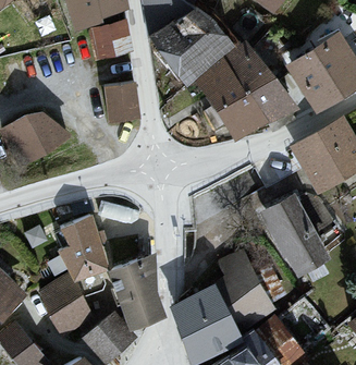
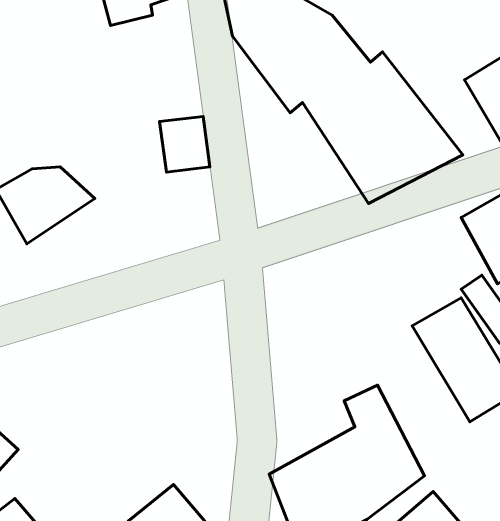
building: [91,23,131,58] -> none
building: [41,219,108,333] -> none
building: [112,263,161,327] -> none

